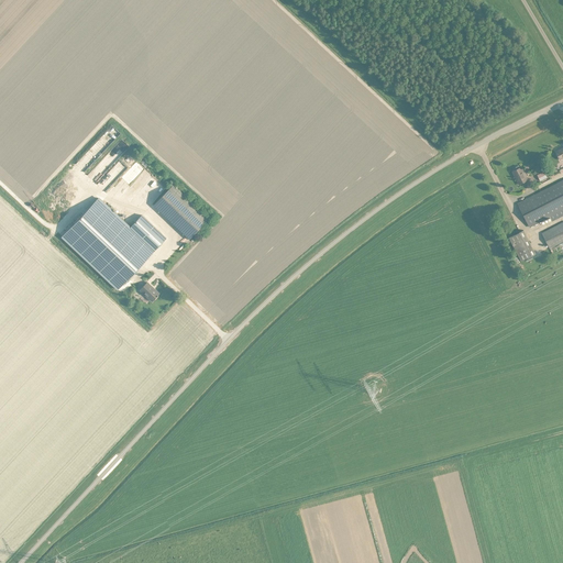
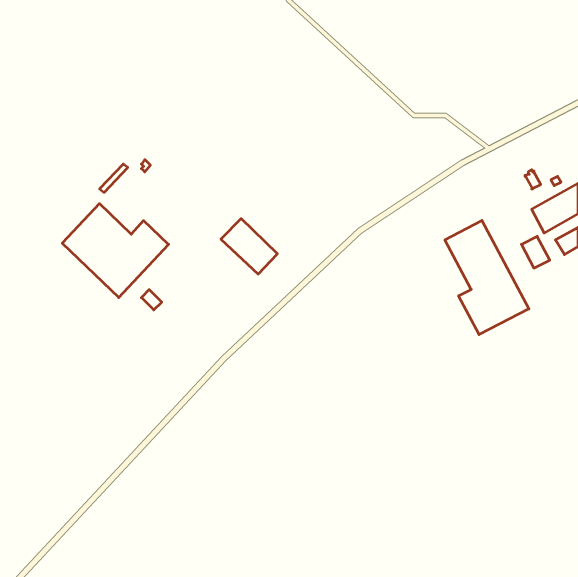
building: [152,186,207,240] -> [221,219,277,274]
building: none -> [445,220,529,335]

